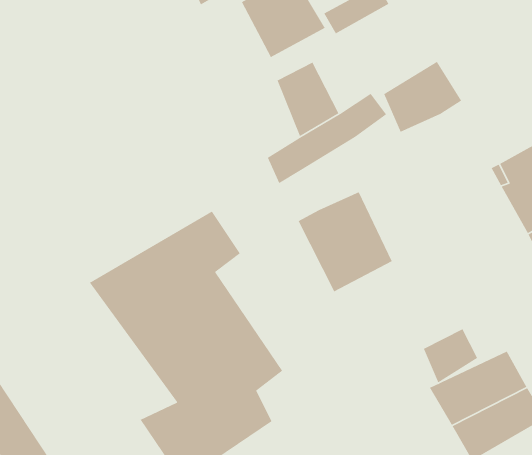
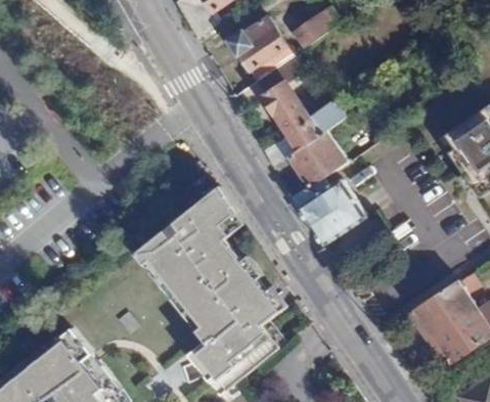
building: [383,61,462,133] -> [286,127,348,185]
building: [423,328,478,383] -> none

